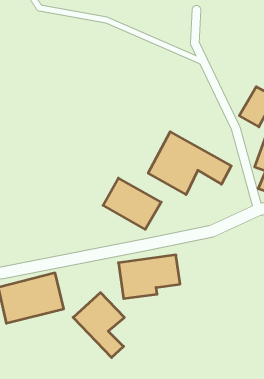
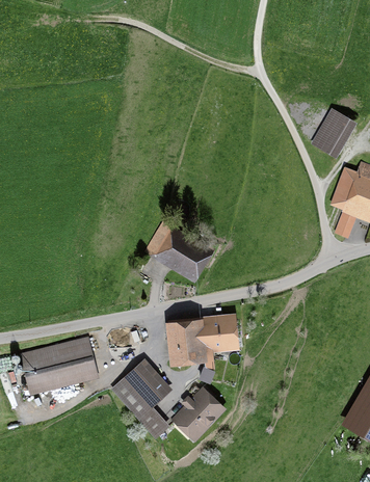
building: [148,132,231,195] -> none
building: none -> [170,384,228,441]

